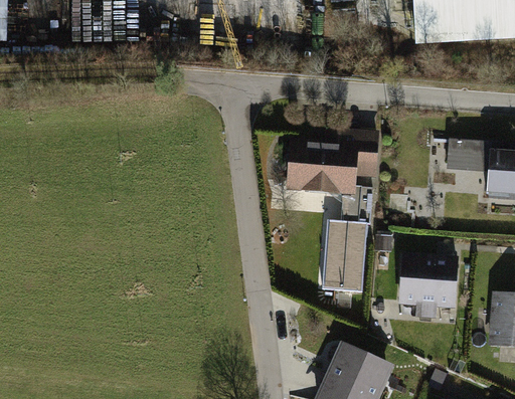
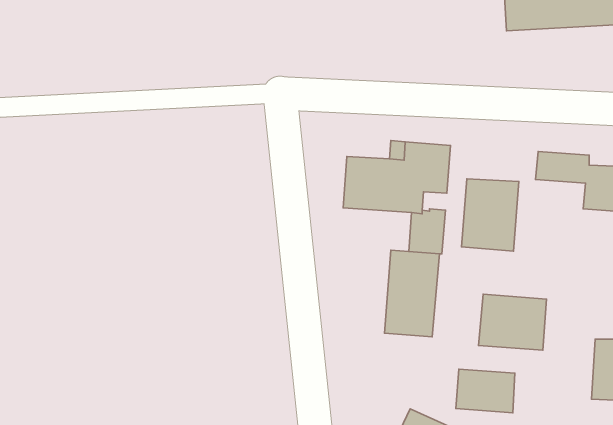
building: none -> [462,179,519,251]
building: none -> [456,369,515,413]

